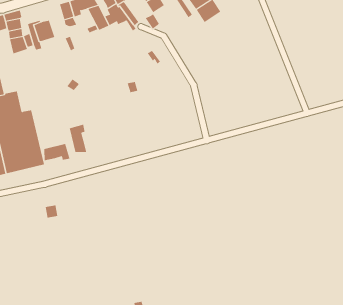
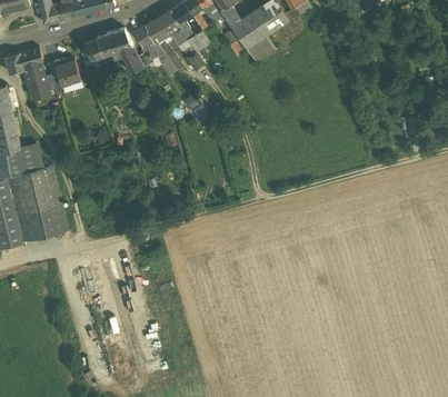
building: [69,124,87,153] -> none
building: [44,143,70,161] -> none

